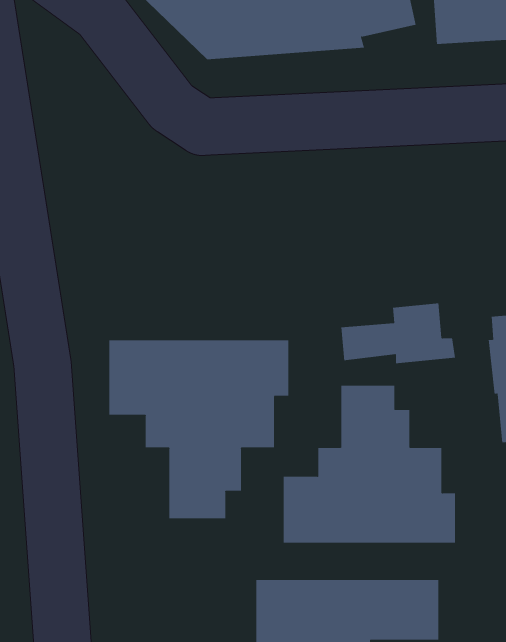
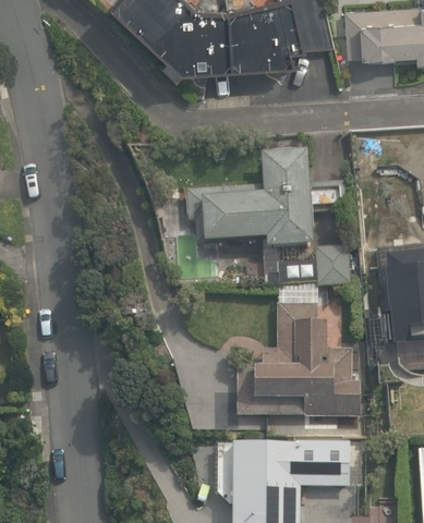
building: none -> [185,153,344,250]
building: [109,340,289,519] -> none

